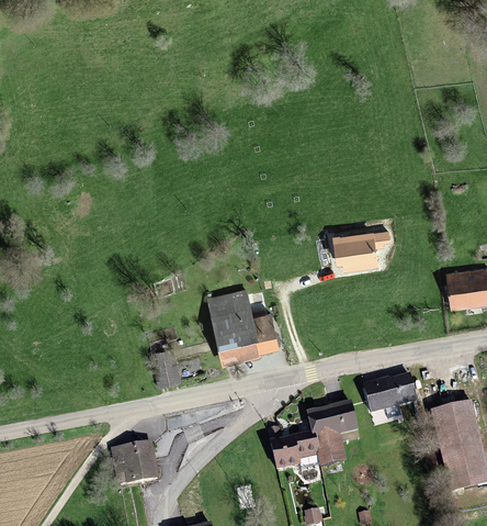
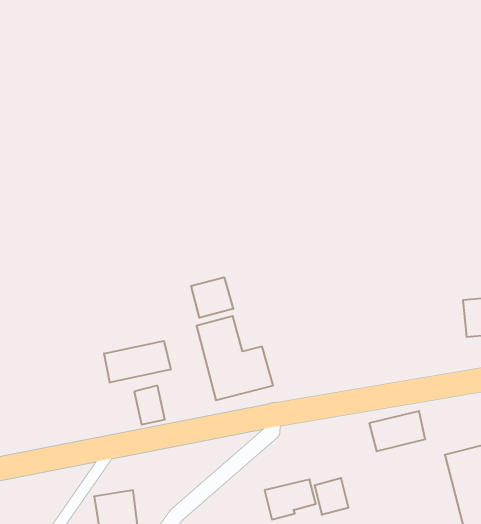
building: [336,227,394,270] -> none
building: none -> [191,277,233,318]
building: none -> [104,341,171,383]
building: [308,404,355,440] -> none

